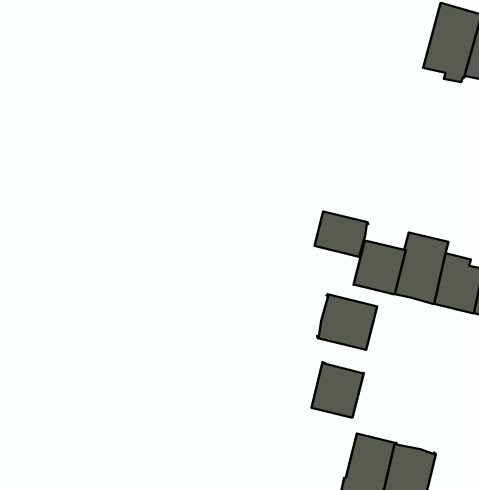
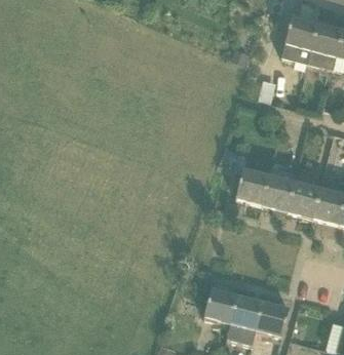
building: [315,212,368,257] -> none
building: [317,294,377,350] -> none
building: [311,362,364,417] -> [204,287,238,323]

